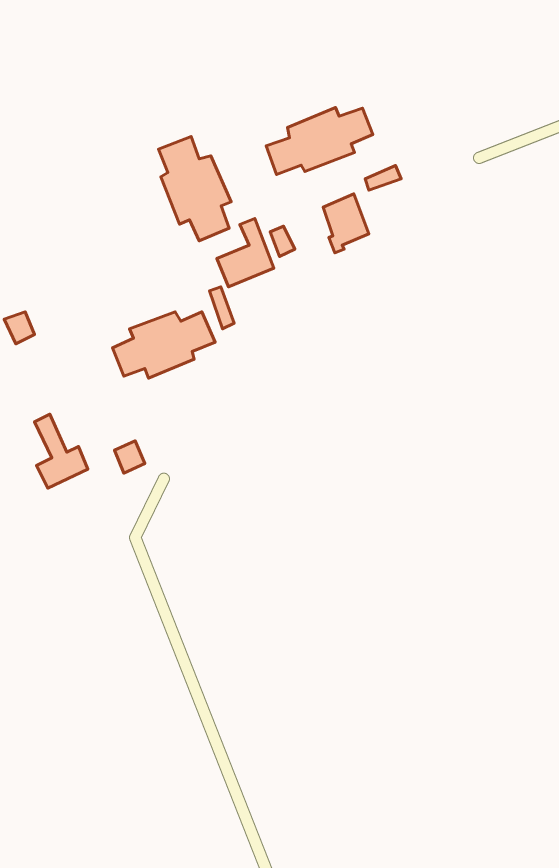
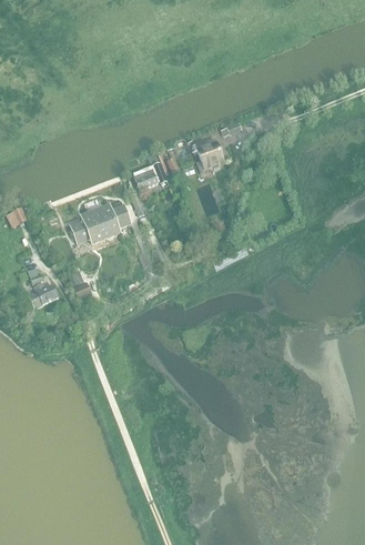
building: [266,108,373,175] -> none
building: [158,137,231,241] -> none

